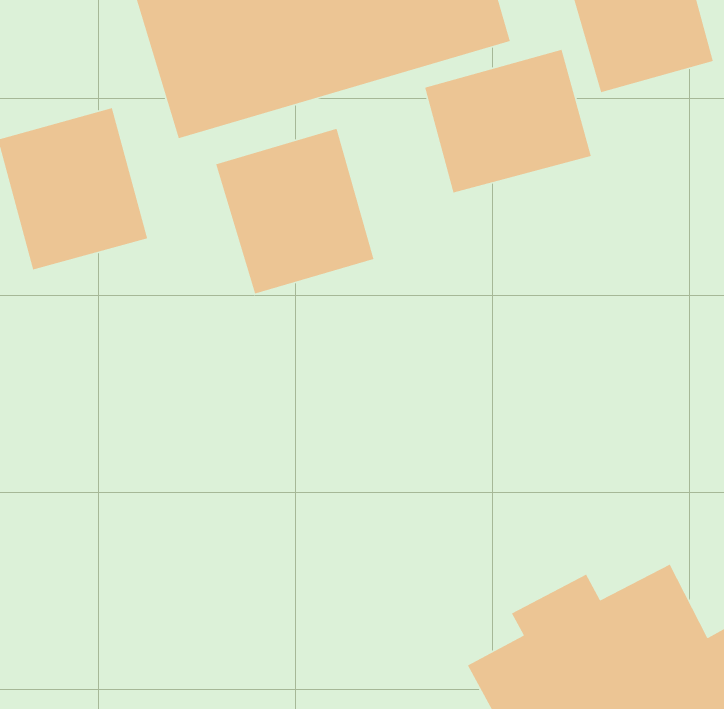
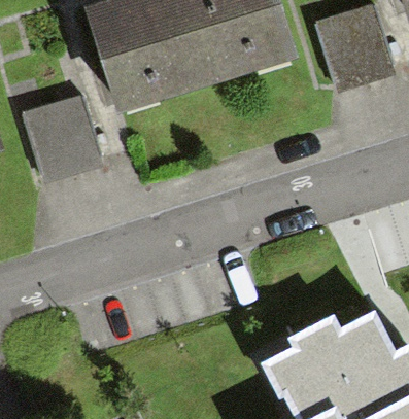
building: [424,49,592,193] -> none
building: [215,128,375,295] -> none

